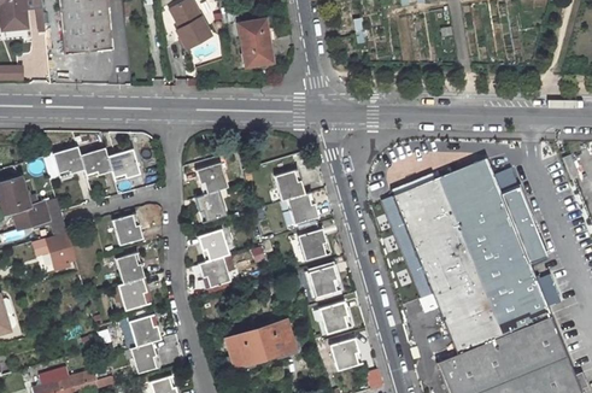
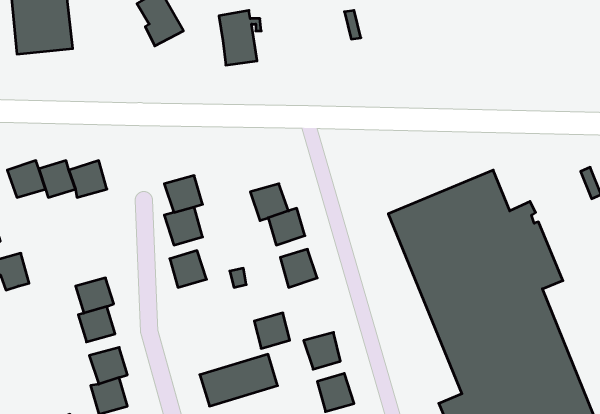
building: [117,213,150,245] -> none
building: [198,258,230,291] -> none
building: [309,265,340,297] -> [254,313,290,348]

